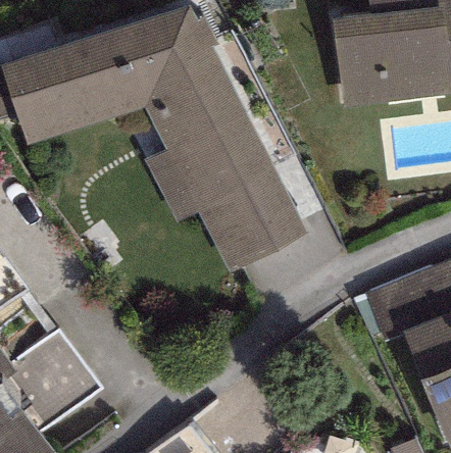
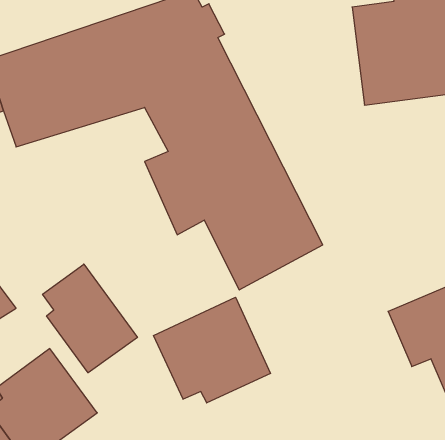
building: none -> [43,264,137,373]
building: none -> [153,297,270,403]

